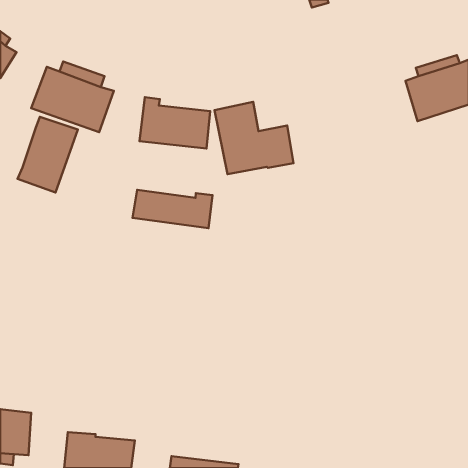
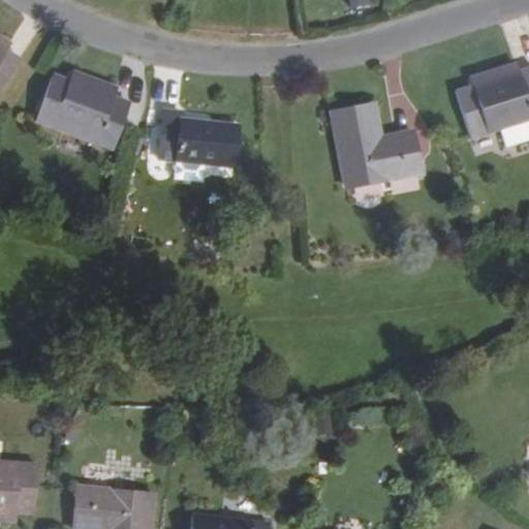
building: [215,102,293,174] -> [331,104,419,186]
building: [18,117,78,192] -> none
building: [132,190,213,228] -> none

